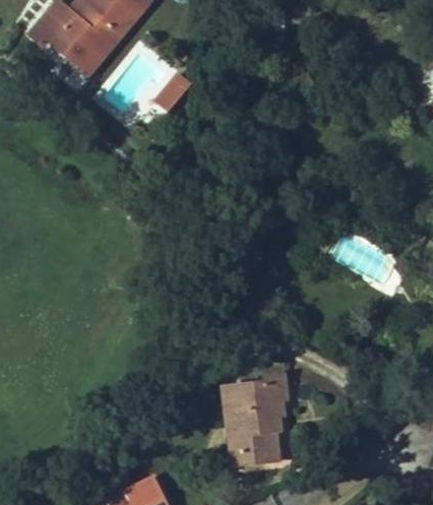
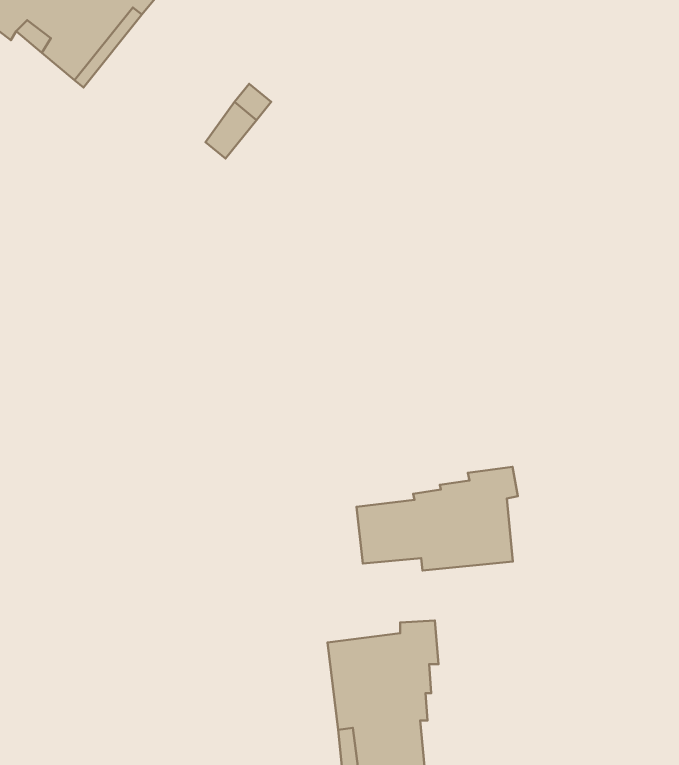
building: none -> [356,467,518,571]

